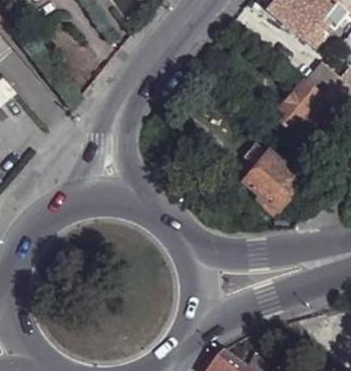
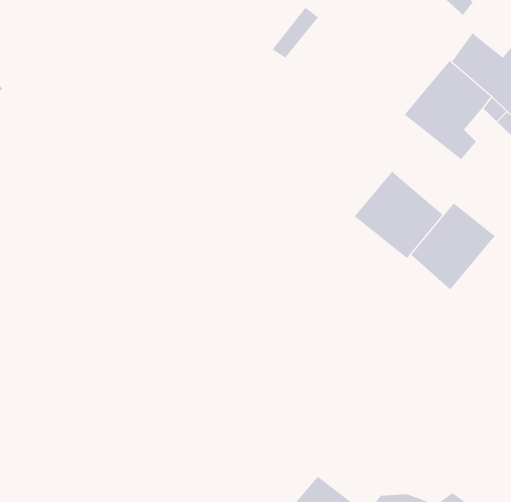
building: none -> [410,203,495,290]

